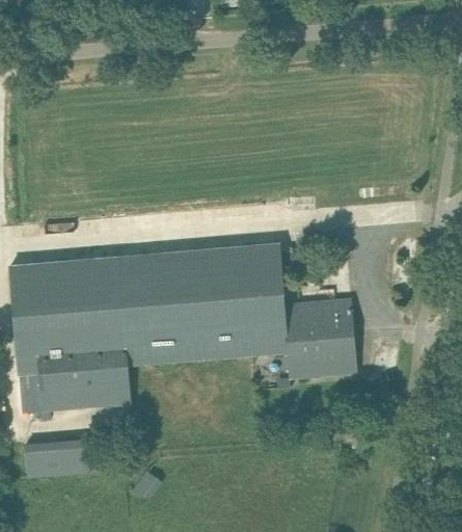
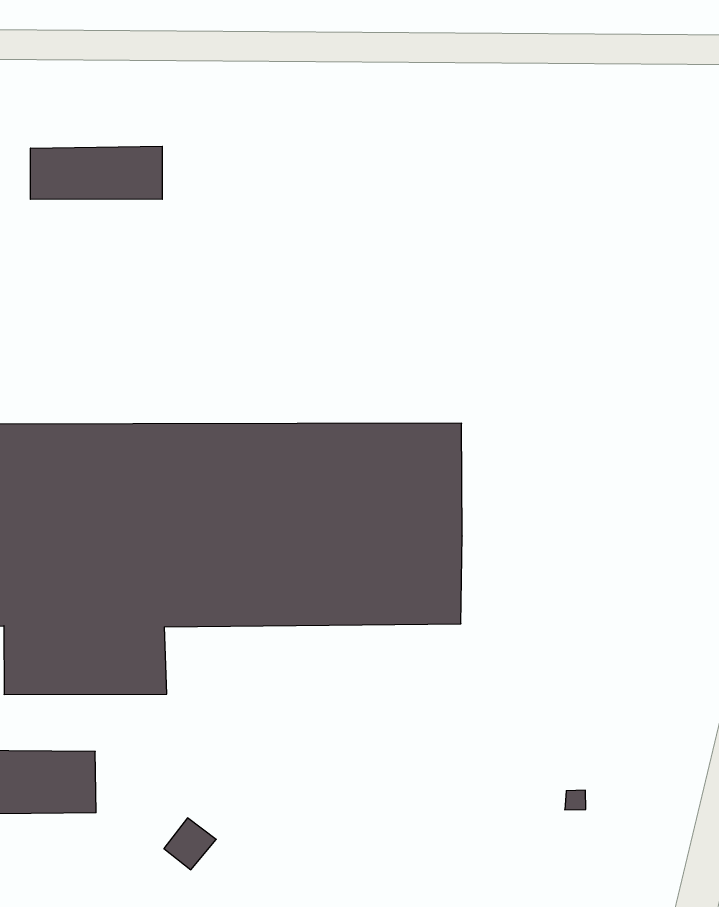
building: none -> [30,146,162,199]
building: [282,299,355,379] -> none

